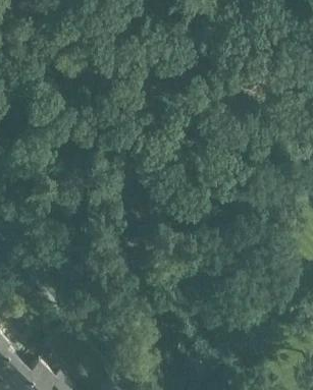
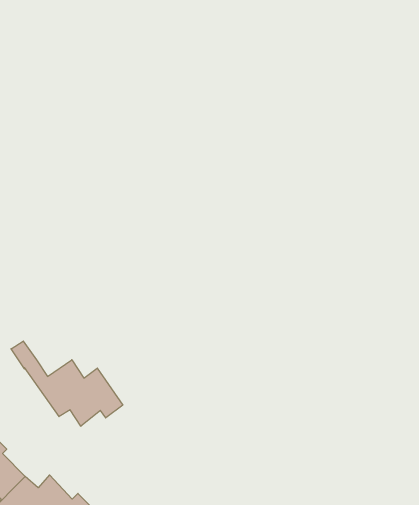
building: none -> [11,341,123,426]

